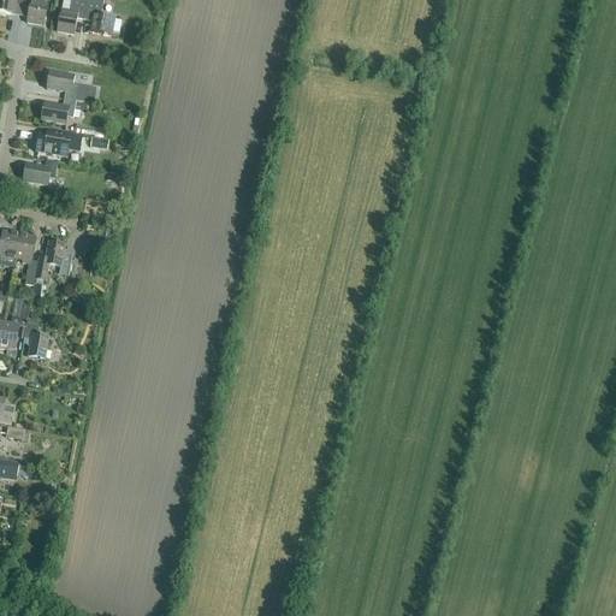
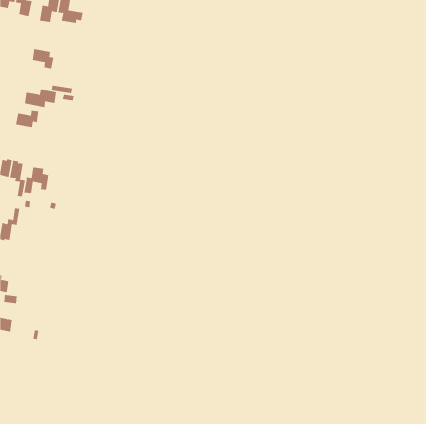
building: [40,97,75,123] -> none
building: [23,322,48,357] -> none

